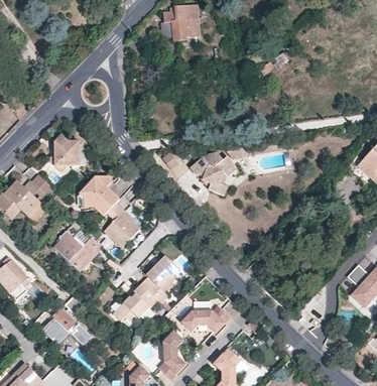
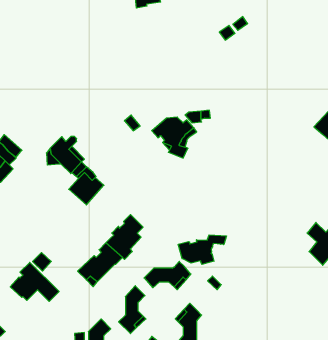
building: [49,134,79,170] -> none
building: [52,222,103,270] -> none
building: none -> [178,235,226,264]

